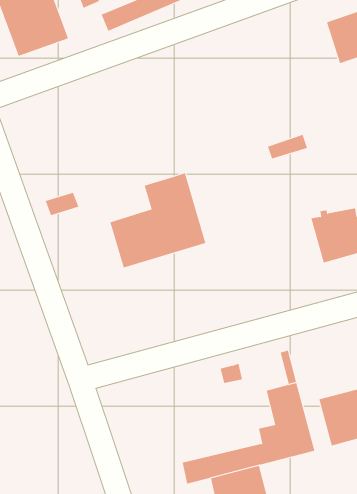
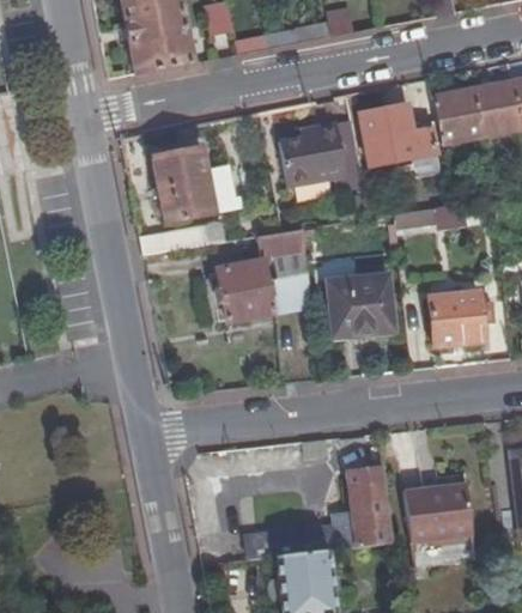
building: none -> [436,87,481,141]
building: none -> [363,101,439,168]
building: none -> [285,123,350,184]
building: none -> [154,146,217,221]
building: none -> [328,274,389,334]

